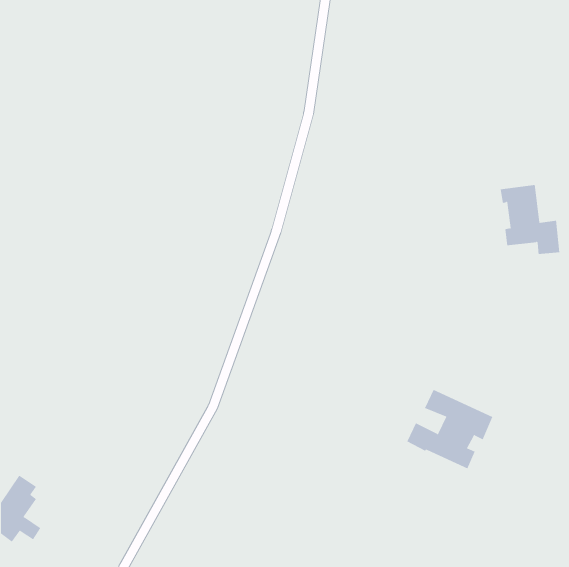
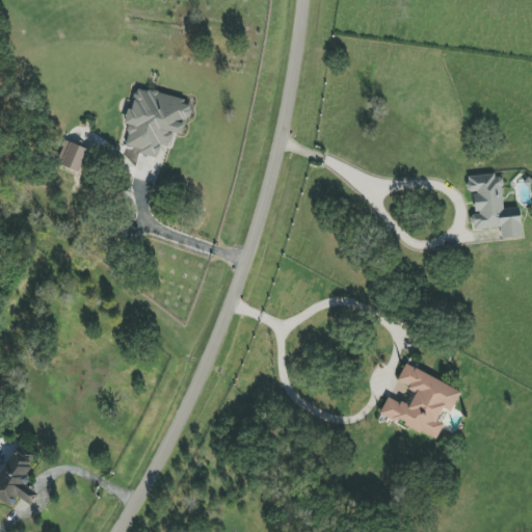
building: none -> [124,85,191,156]
building: none -> [56,139,87,171]

